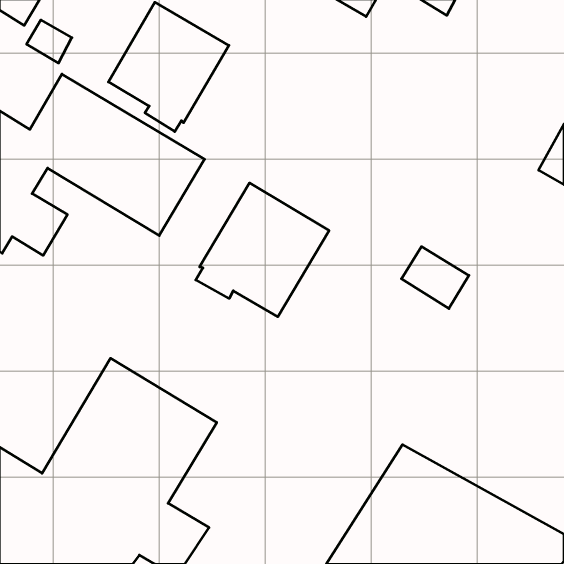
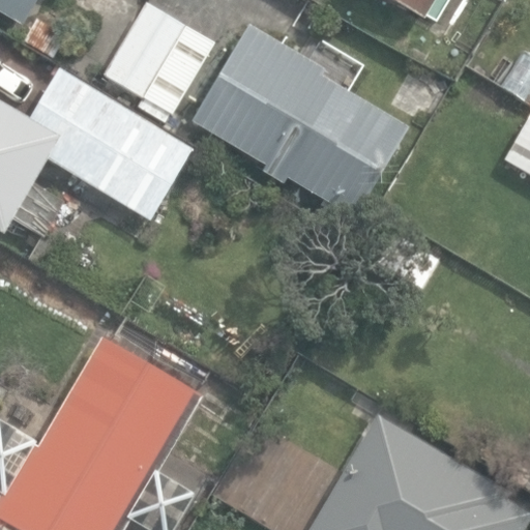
building: none -> [194,25,408,215]
building: [196,183,329,317] -> none

